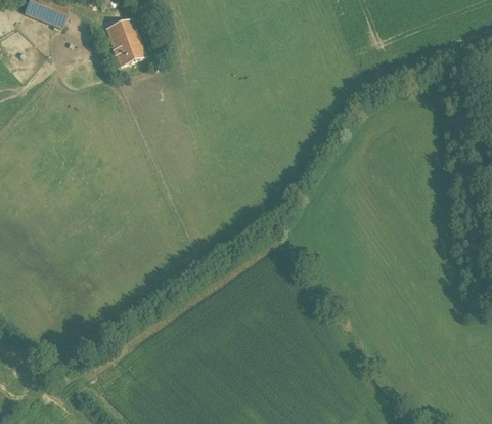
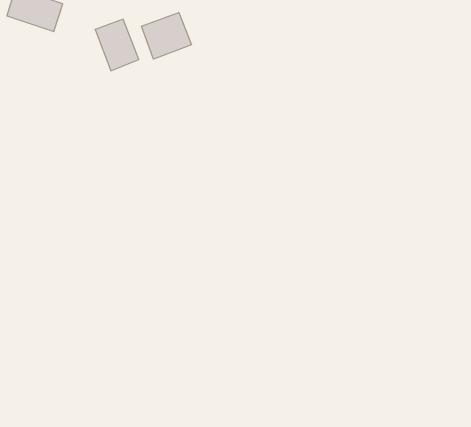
building: none -> [142,12,191,59]

